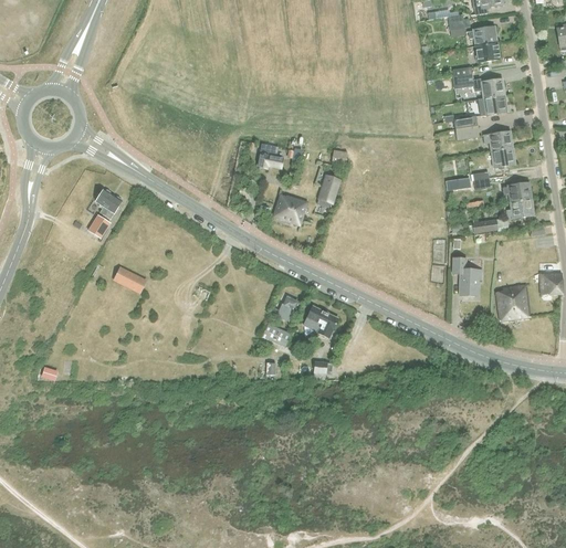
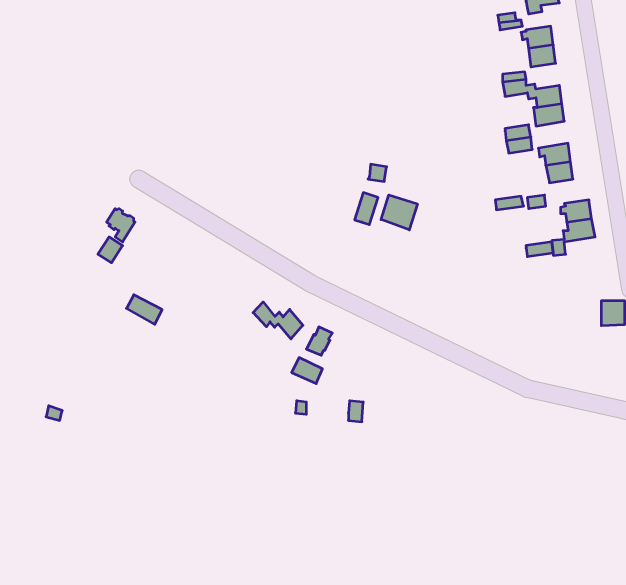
building: [256,143,282,168] -> none
building: none -> [381,195,417,230]
building: [273,194,307,225] -> none
building: [452,257,481,295] -> none
building: none -> [253,302,303,339]
building: [496,285,530,320] -> none
building: [304,306,338,335] -> none

